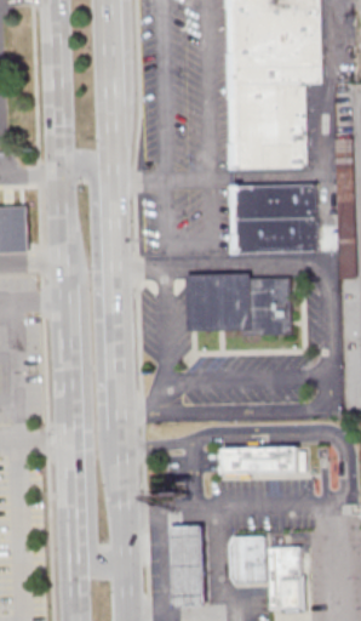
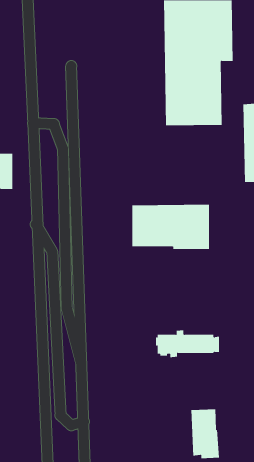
building: [231,183,316,252] -> none
building: [165,524,202,606] -> none
building: [225,535,263,583] -> none

